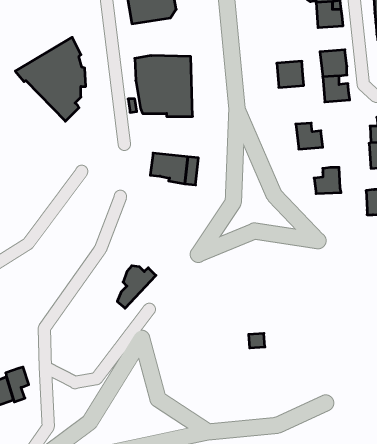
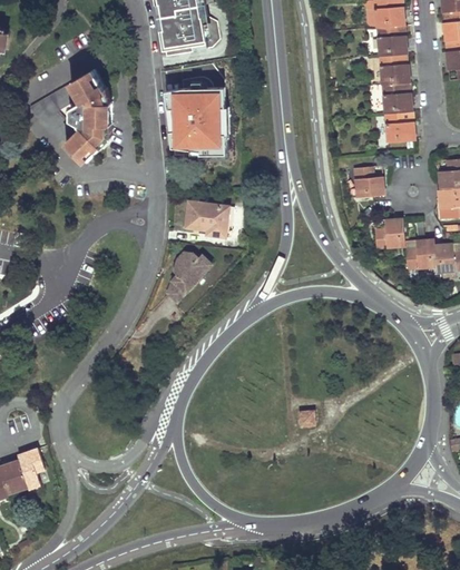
building: [277,61,304,87] -> [378,55,409,85]
building: none -> [404,239,434,268]
building: [117,266,156,308] -> [166,252,211,301]

